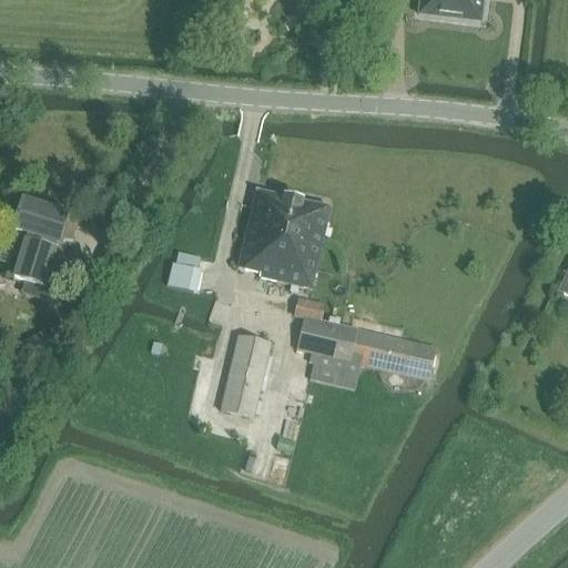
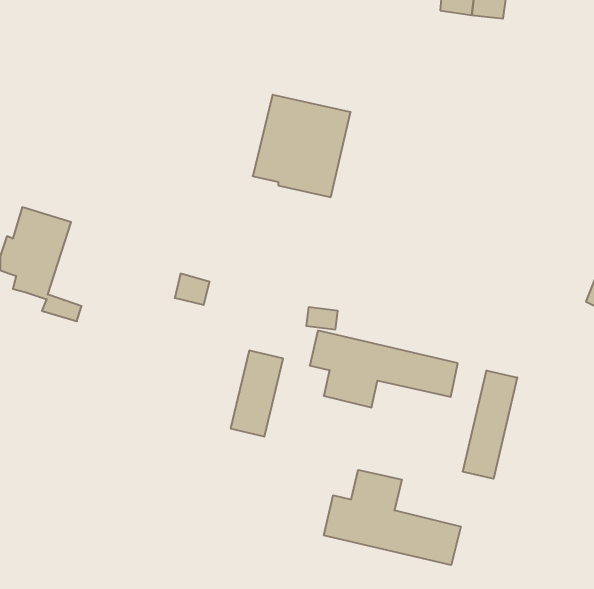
building: [237,189,331,286] -> [253,95,351,197]
building: none -> [463,370,517,479]
building: none -> [324,470,461,565]

